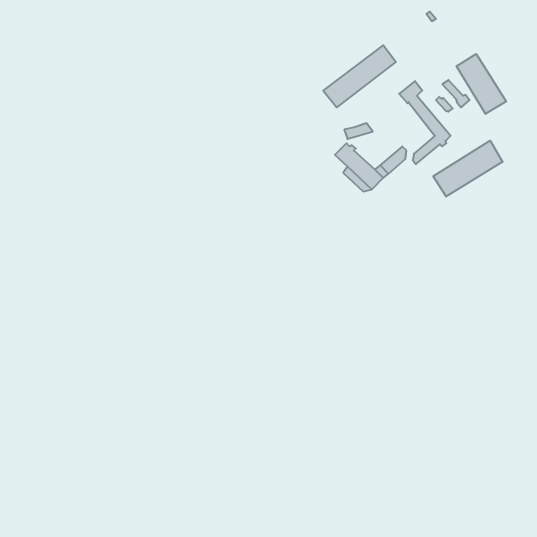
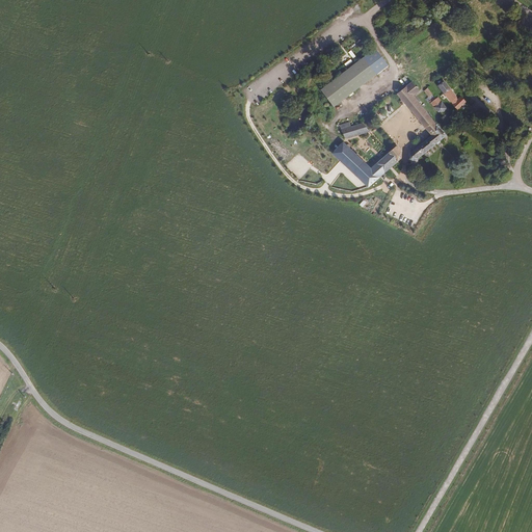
building: [456,54,506,114] -> none
building: [433,141,503,197] -> none

